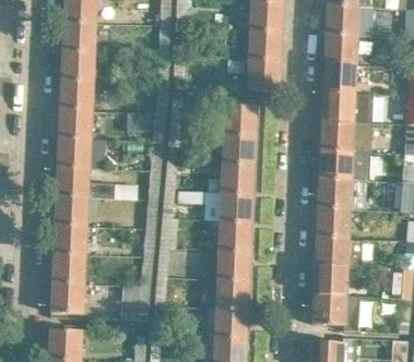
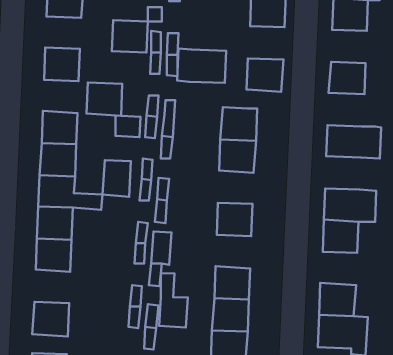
building: [62,22,95,51] -> [112,20,148,52]
building: [237,29,282,61] -> [177,48,226,83]
building: [324,34,357,64] -> none
building: [60,80,93,110] -> [87,82,122,116]
building: [321,92,374,122] -> none
building: [319,149,369,181] -> none
building: none -> [102,160,131,197]
building: [221,162,253,193] -> none
building: [218,221,251,252] -> none
building: [315,237,363,267] -> none
building: [52,253,85,283] -> none
building: none -> [159,273,188,327]

